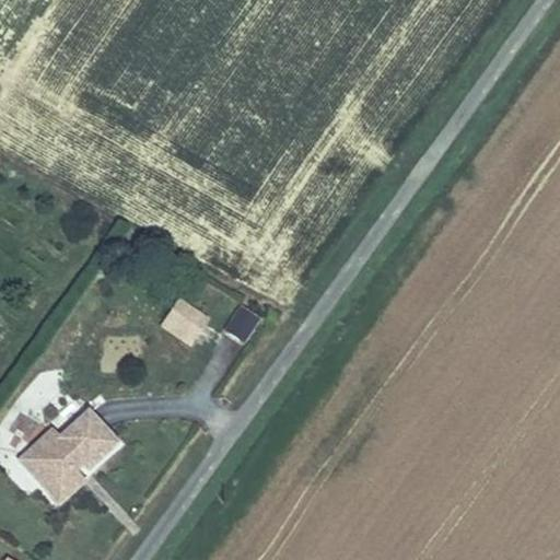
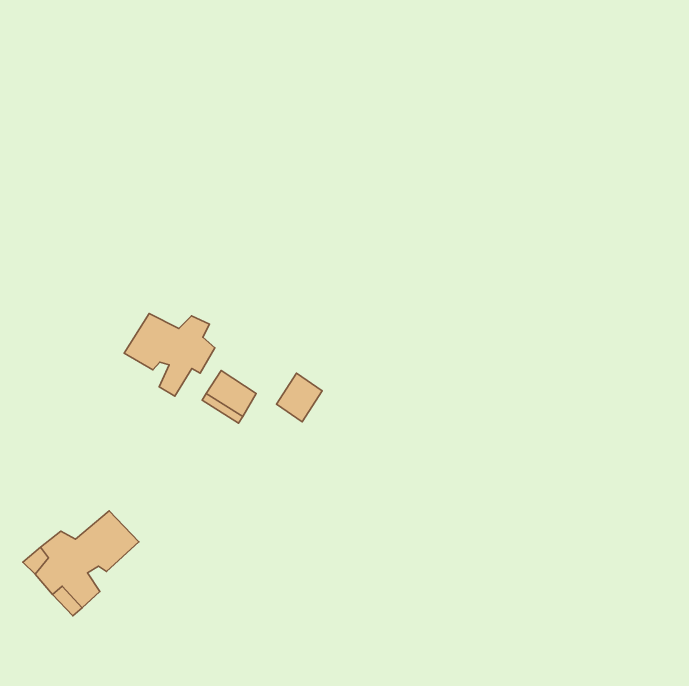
building: none -> [124,313,215,396]

